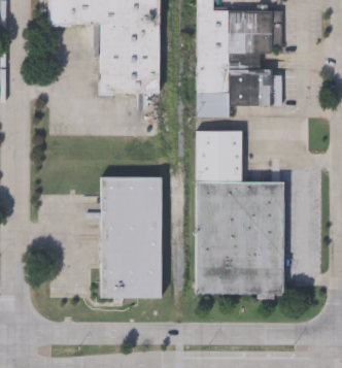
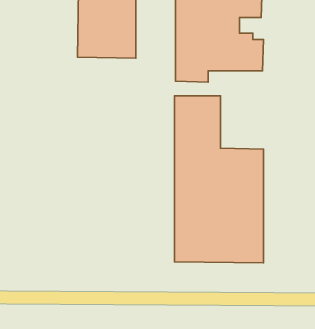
building: [100,175,161,297] -> none

